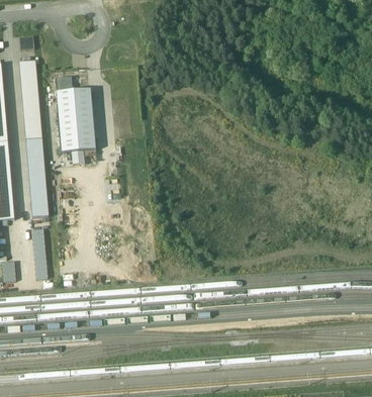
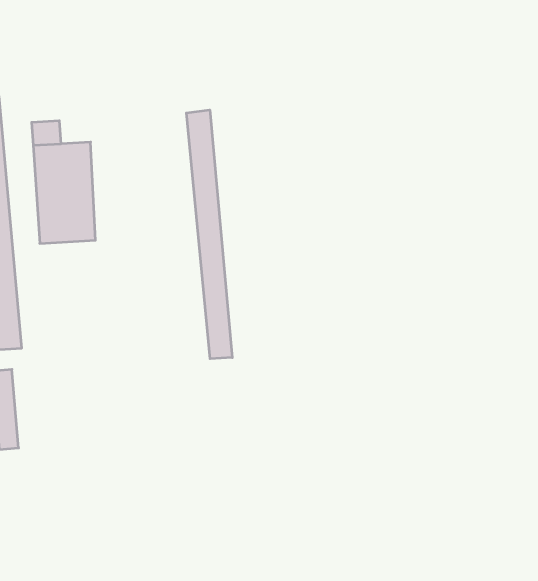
building: none -> [186,110,232,359]

